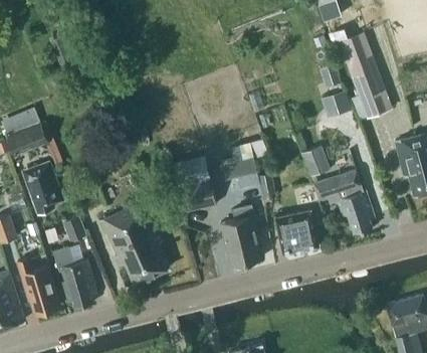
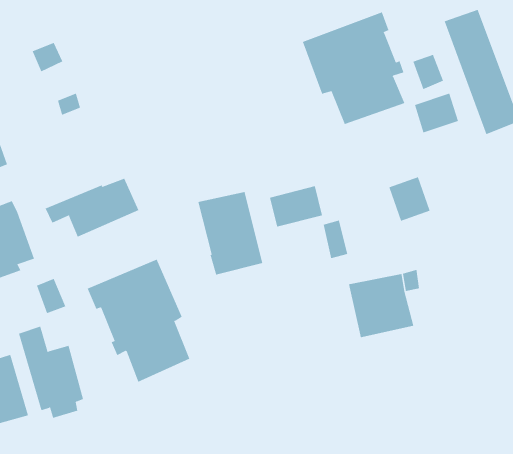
building: none -> [302,12,405,125]
building: none -> [45,178,139,237]
building: [313,171,375,234] -> none
building: [221,206,264,266] -> none

